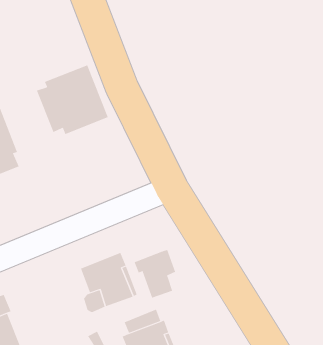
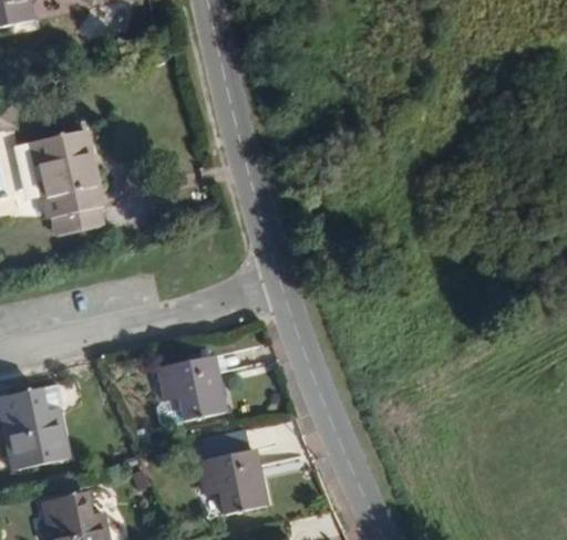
building: [36,65,108,135] -> none
building: [134,249,176,299] -> none

